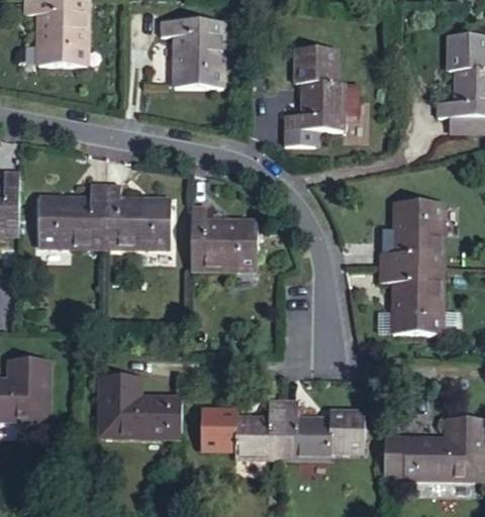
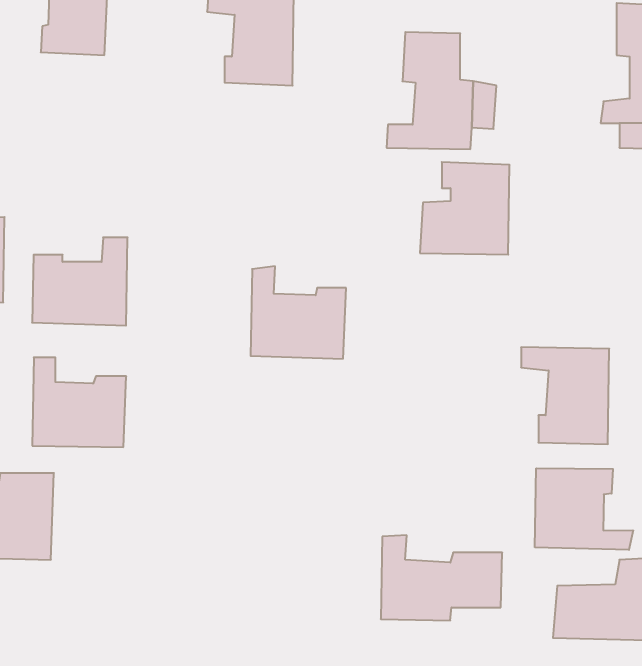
building: [102,191,168,253] -> [32,357,126,447]
building: [378,204,441,269] -> [420,162,510,255]
building: none -> [535,468,633,550]
building: [98,377,183,440] -> none
building: [193,400,281,457] -> none

